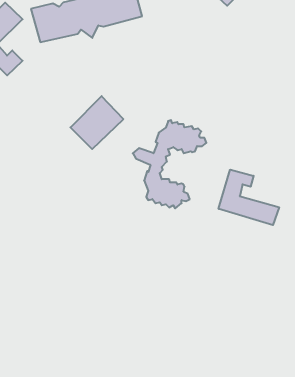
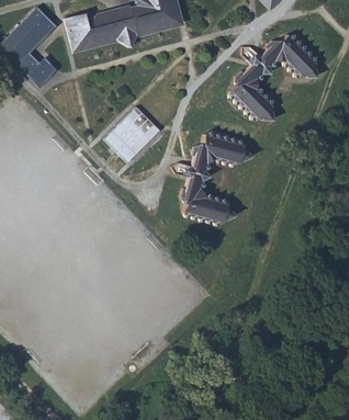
building: none -> [233,36,318,121]
building: [219,170,279,225] -> none

